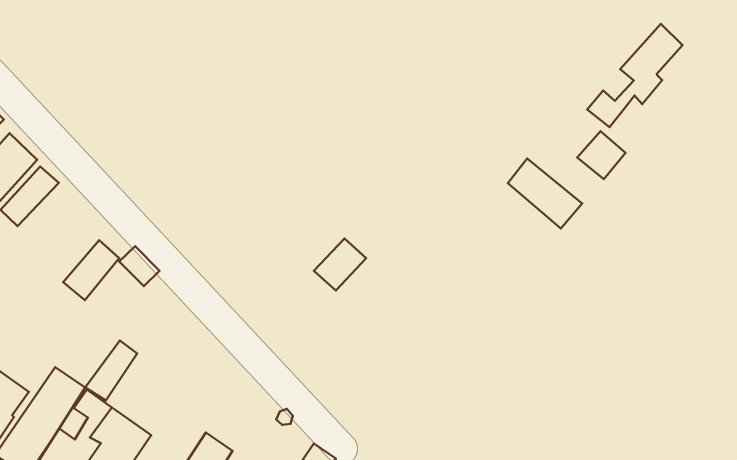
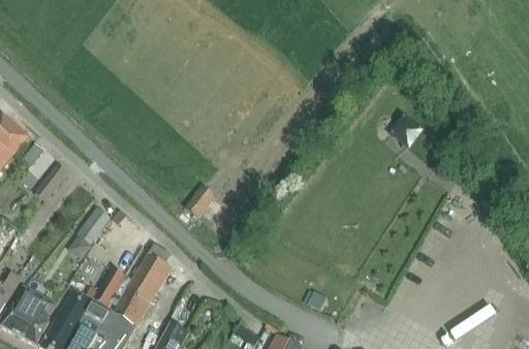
building: [587,24,683,127] -> none
building: [508,158,582,229] -> none
building: [314,239,366,291] -> [183,185,215,218]
building: none -> [113,243,173,325]

